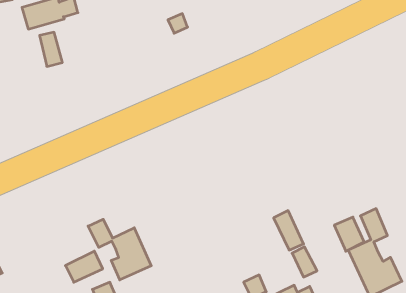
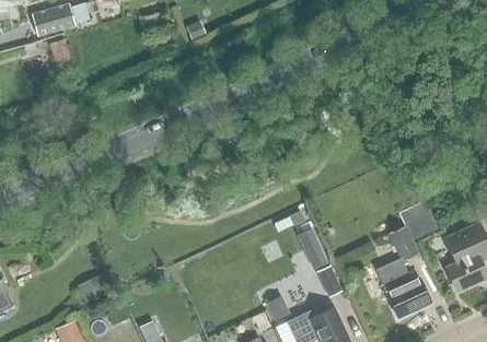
building: [334,217,364,251] -> [399,204,431,240]
building: [88,219,151,280] -> none

